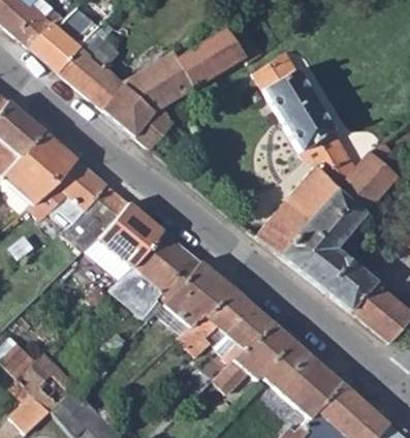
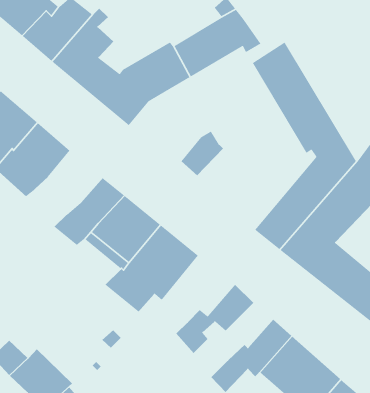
building: [133,105,176,150] -> [180,131,224,176]
building: [38,159,107,221] -> none
building: [165,261,236,326] -> none
building: [222,308,274,364] -> none

